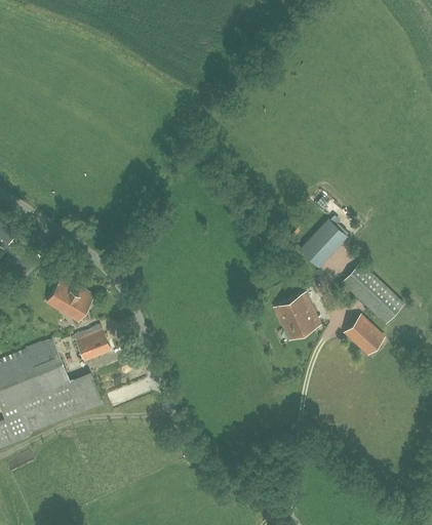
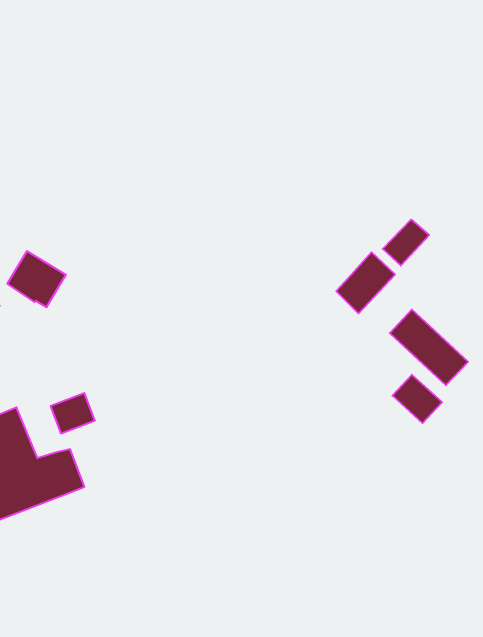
building: none -> [383,220,429,266]
building: [47,277,93,321] -> [7,251,66,307]
building: [274,292,320,338] -> none

